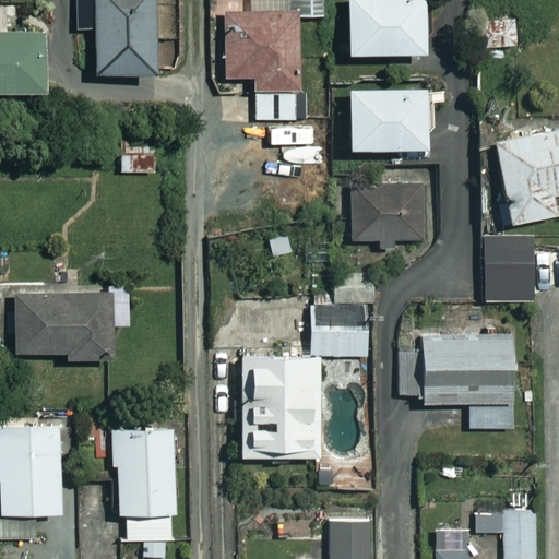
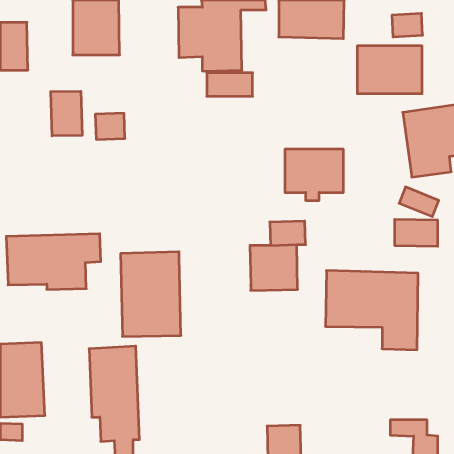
building: [347,90,426,147] -> [357,46,422,94]
building: none -> [51,91,82,136]
building: [240,353,313,455] -> [121,252,181,336]

